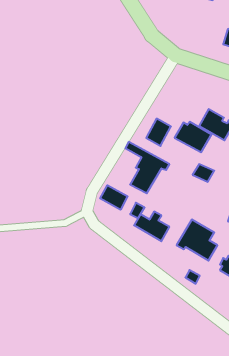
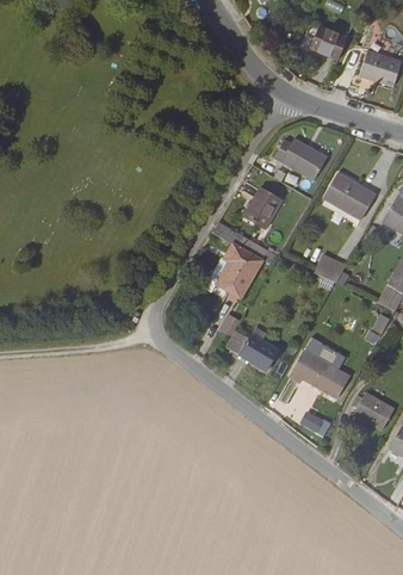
building: none -> [309,26,347,60]
building: [175,122,211,152] -> [274,132,329,178]
building: [100,185,128,210] -> none

